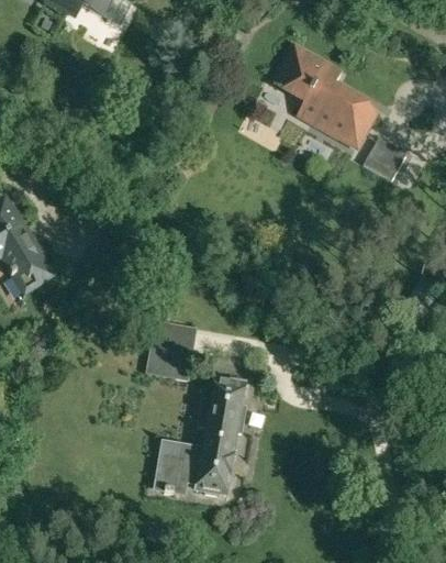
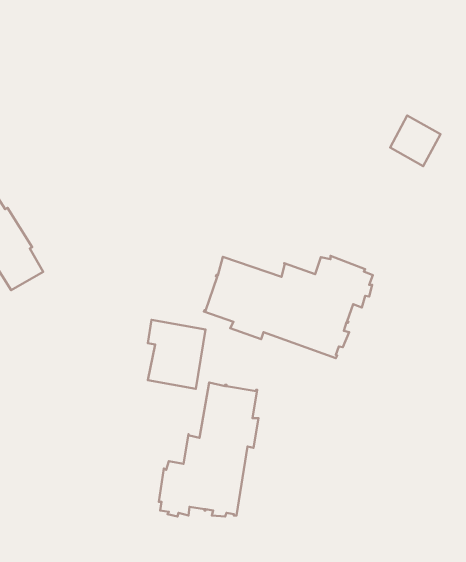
building: [274,46,378,148] -> none
building: none -> [204,256,373,358]

